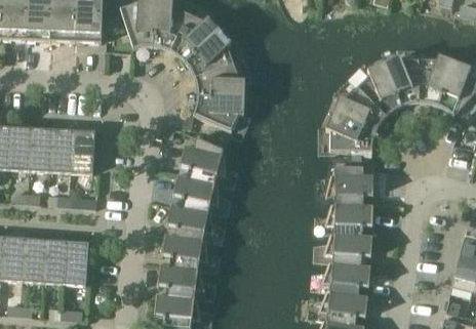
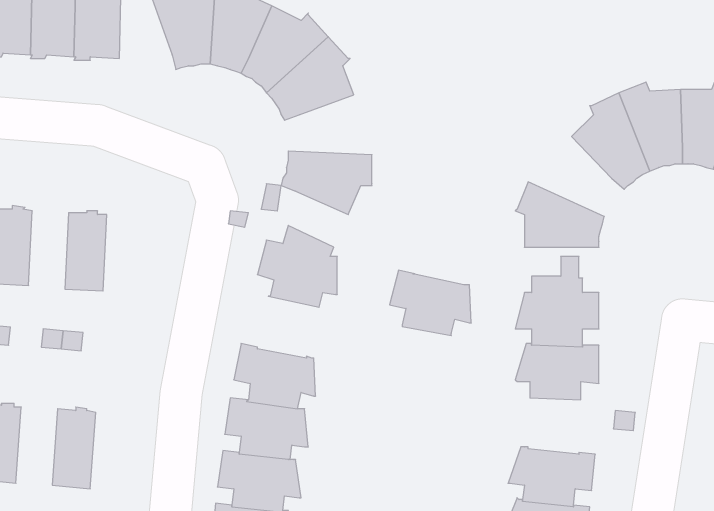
building: [196,63,246,96] -> none
building: [333,86,388,131] -> none
building: [51,127,74,172] -> none
building: [173,174,220,211] -> [390,270,471,336]
building: [324,233,373,265] -> none
building: [44,238,68,283] -> none

